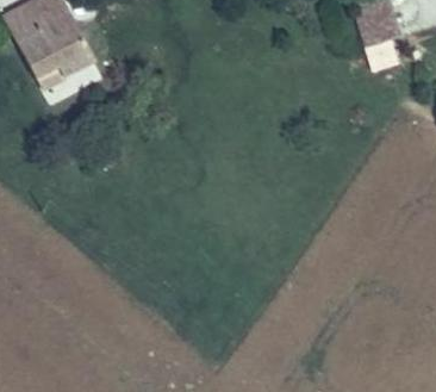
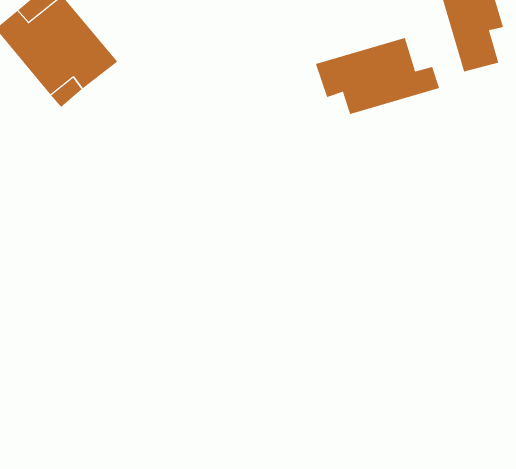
building: none -> [315,37,440,115]

